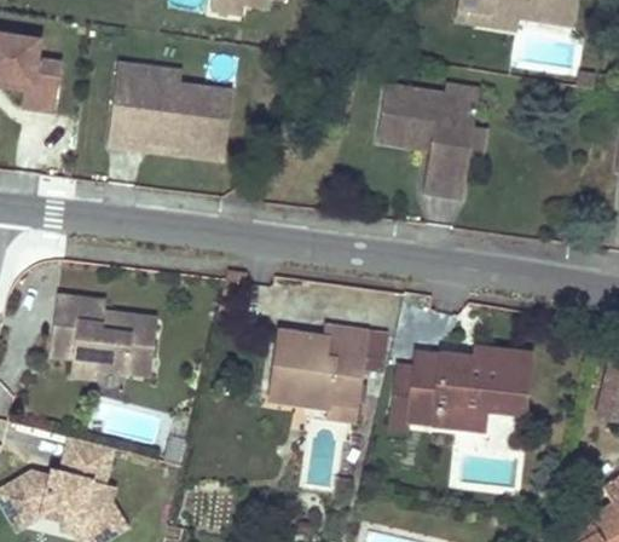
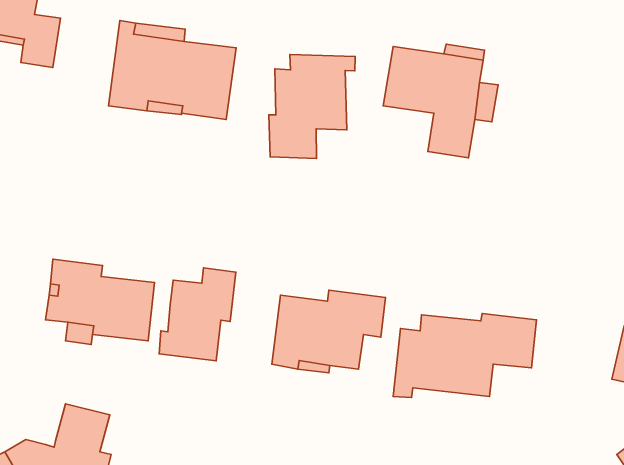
building: none -> [269,54,355,158]
building: none -> [159,268,236,361]

